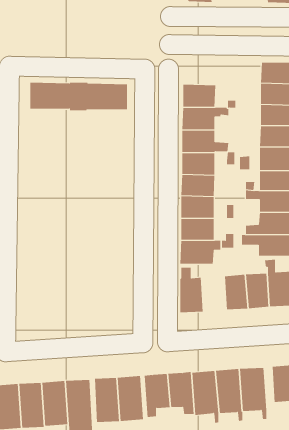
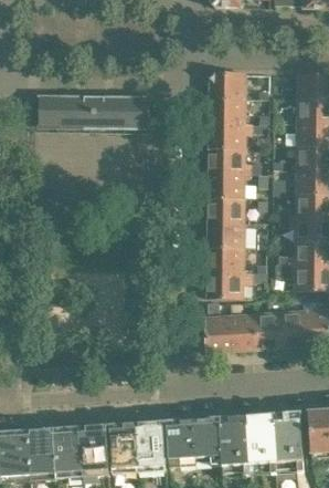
building: none -> [209,72,246,98]
building: none -> [229,301,257,351]

